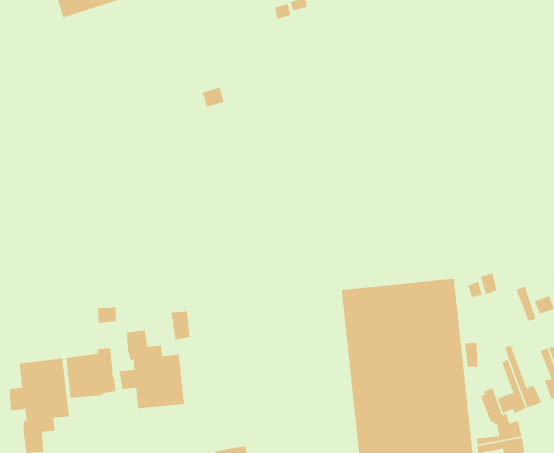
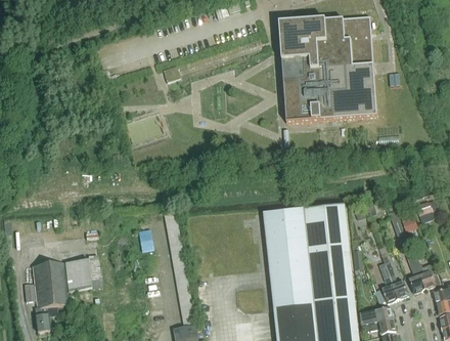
building: none -> [279,15,376,121]
building: [118,330,185,409] -> none

